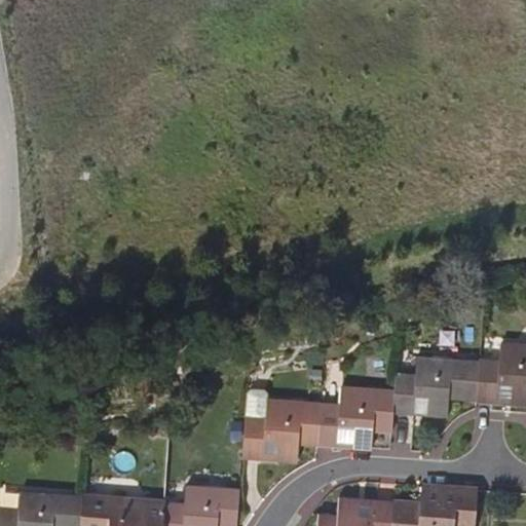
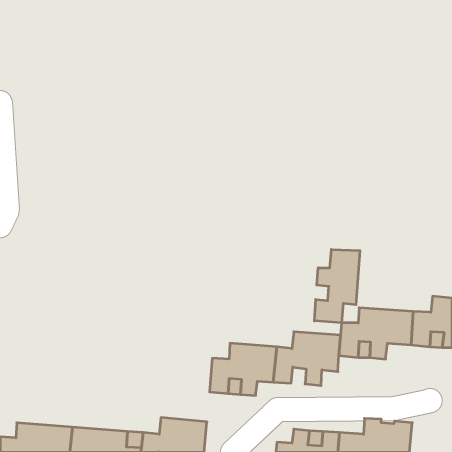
building: none -> [314,249,360,323]

